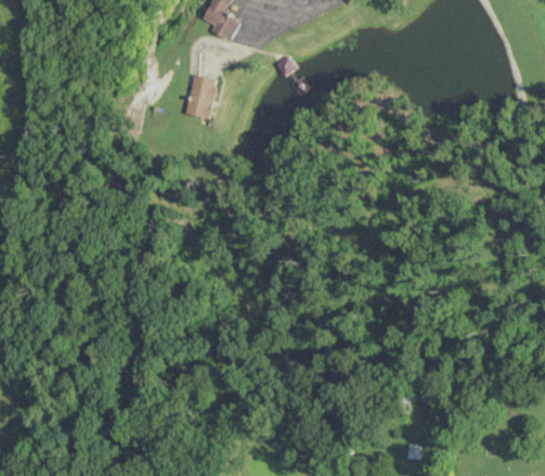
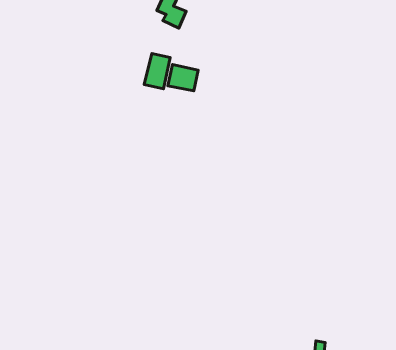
building: none -> [168,65,198,91]

